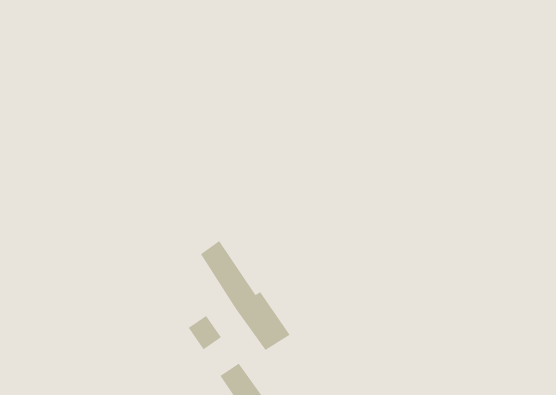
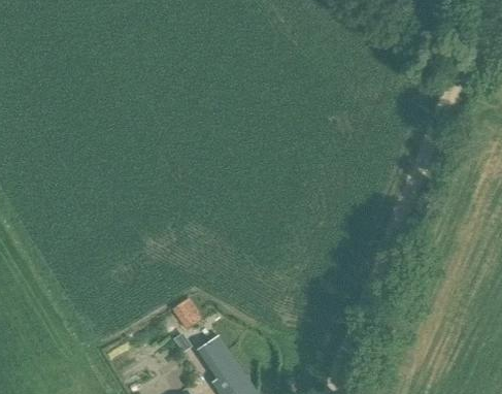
building: [200,240,290,351] -> none

